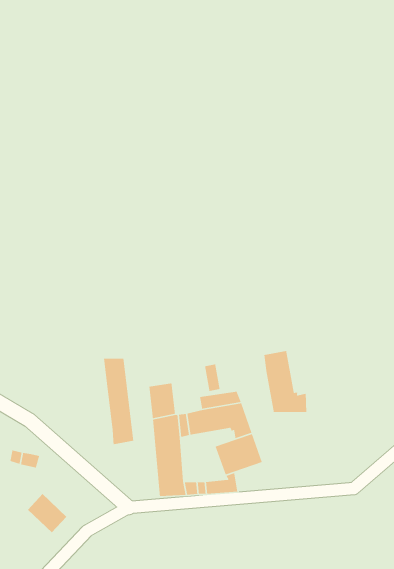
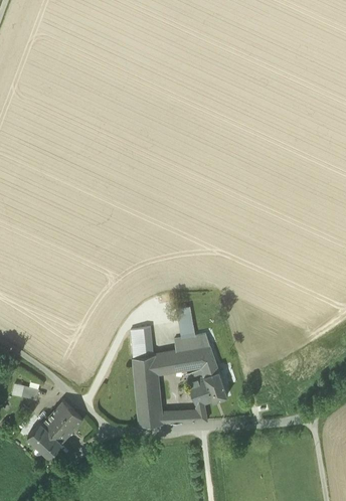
building: [264,350,307,413] -> none
building: [103,358,134,445] -> none
building: none -> [40,402,82,443]

